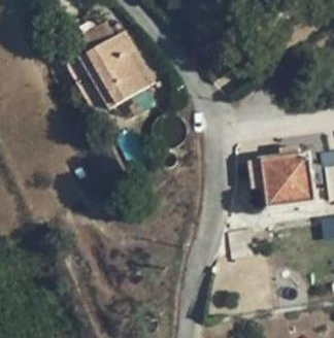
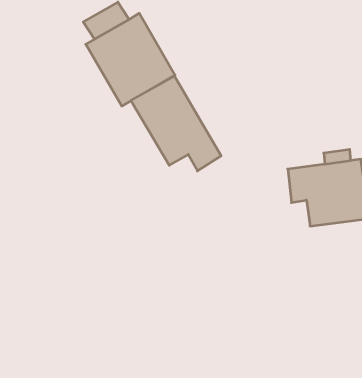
building: none -> [131,76,221,171]

